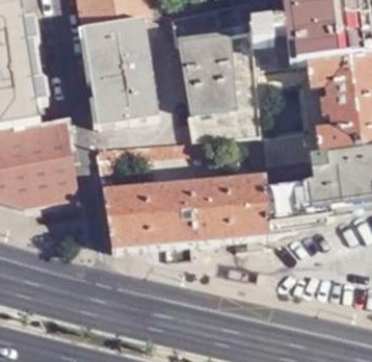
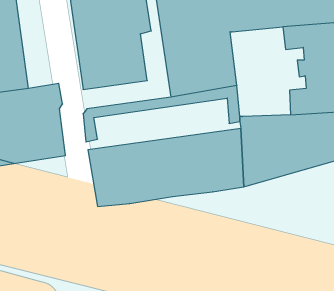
building: [255,59,334,155] -> none

